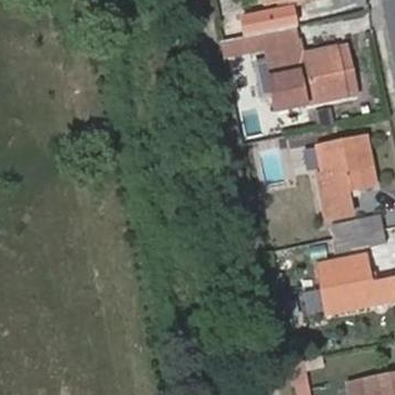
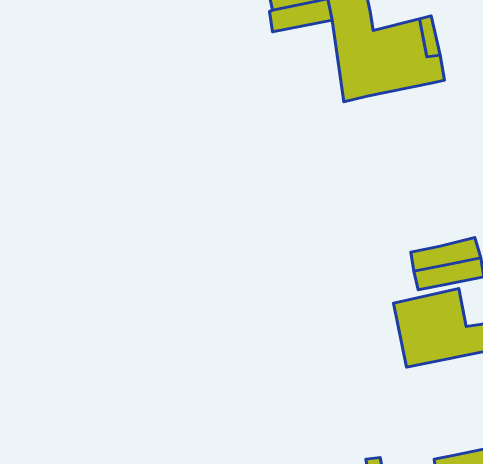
building: [314,135,376,219] -> none

